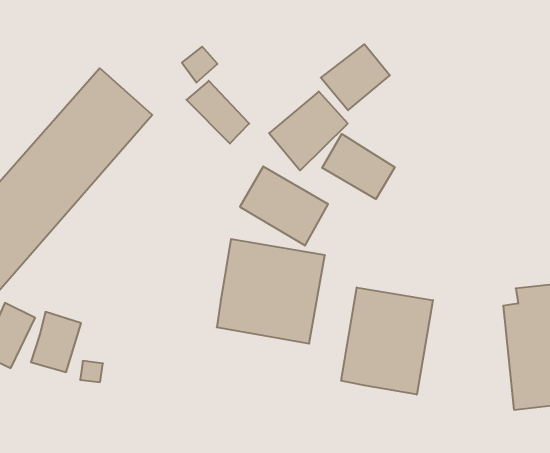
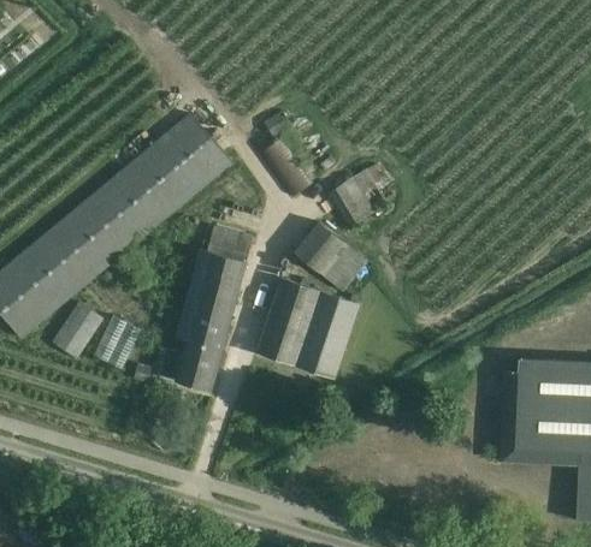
building: [321,44,390,110] -> none
building: [322,134,395,199] -> none
building: none -> [160,225,254,390]
building: [341,287,433,395] -> none

